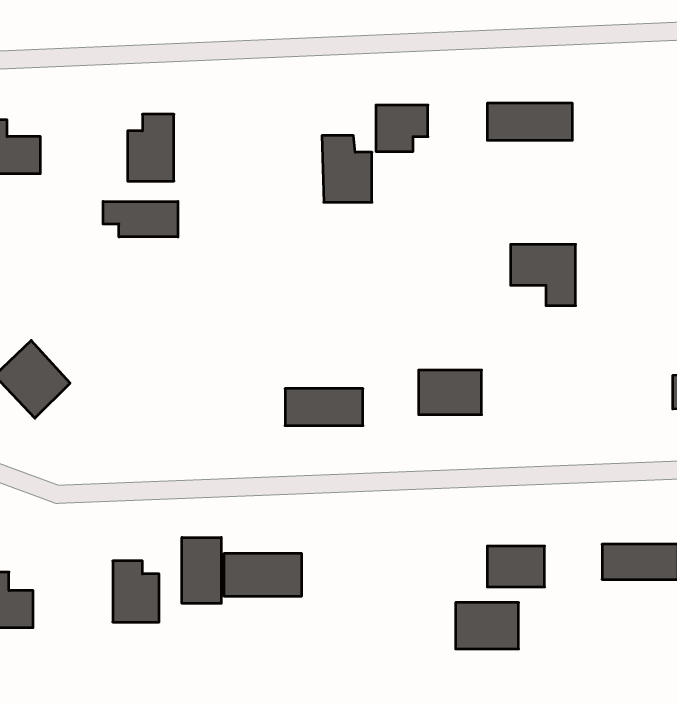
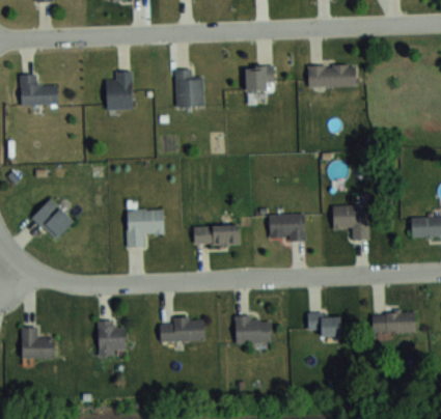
building: [322,136,372,202] -> [175,69,203,107]
building: [103,201,178,237] -> none
building: [511,244,576,306] -> [333,206,369,241]
building: none -> [127,210,164,247]
building: [182,537,221,603] -> none
building: [456,603,519,649] -> [236,317,271,343]

